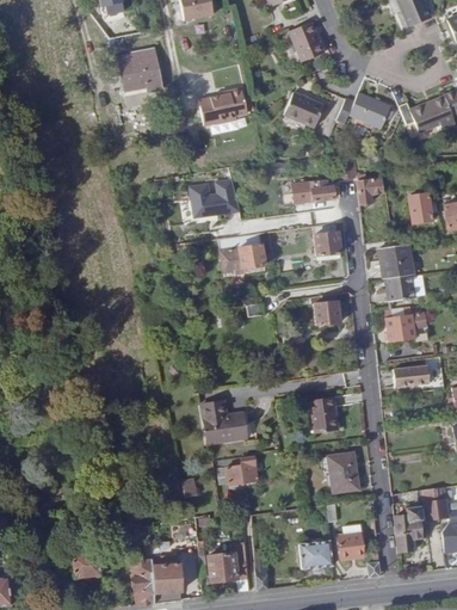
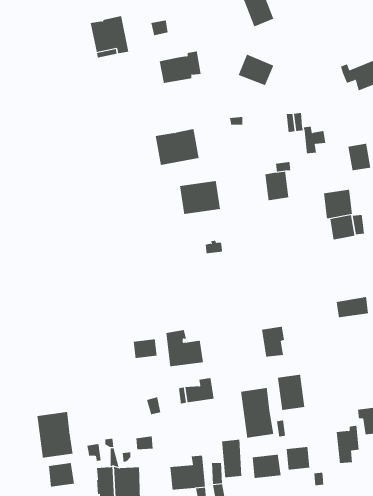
building: [336,92,390,128] -> none
building: [292,180,334,204] -> none
building: [314,301,340,325] -> none
building: [385,312,428,341] -> none
building: none -> [133,338,157,359]
building: none -> [240,387,274,439]
building: none -> [37,411,73,458]
building: none -> [221,439,242,478]

